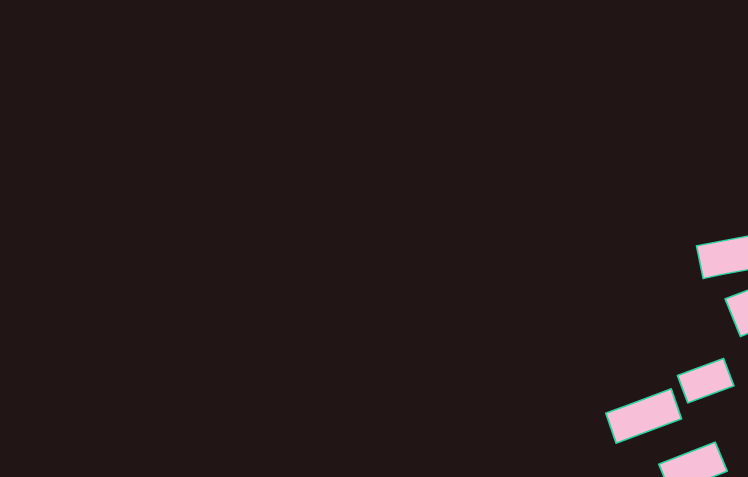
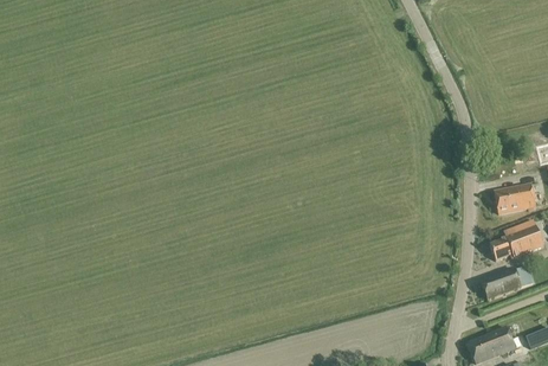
building: none -> [490,226,526,259]
building: [606,389,681,443] -> none

